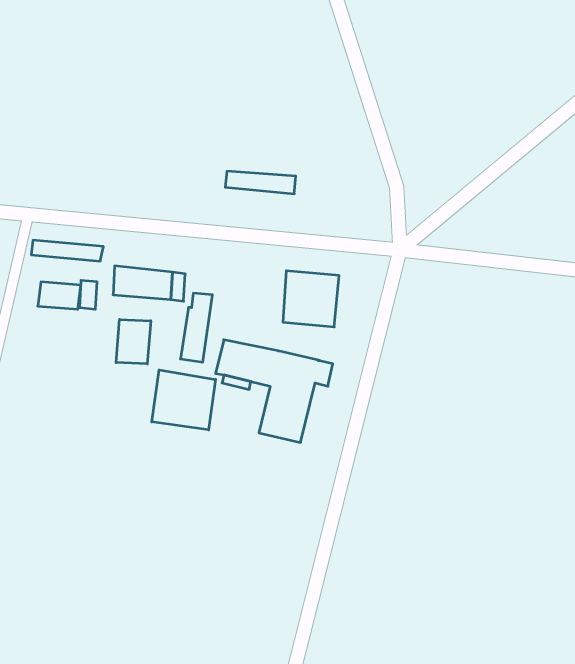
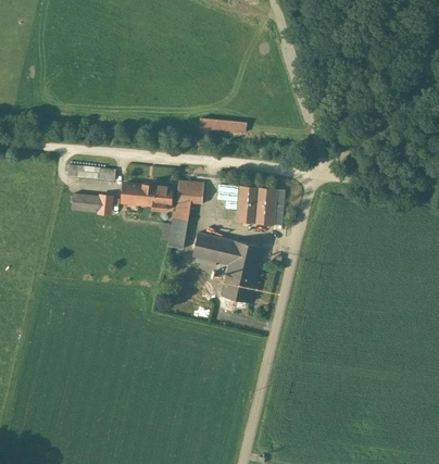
building: none -> [176,180,203,203]
building: [116,319,151,364] -> none
building: [152,370,216,430] -> none

